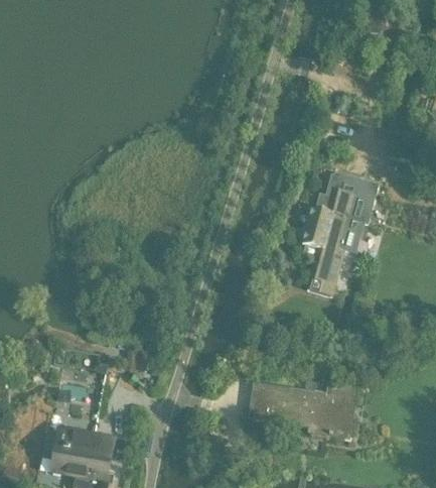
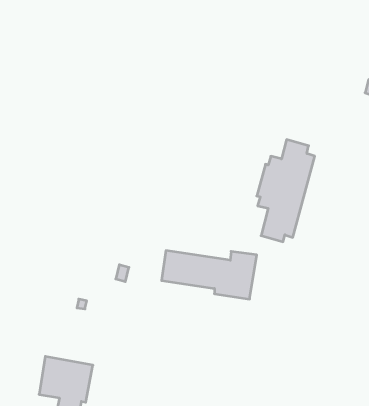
building: [250,381,358,437] -> [162,251,257,299]

